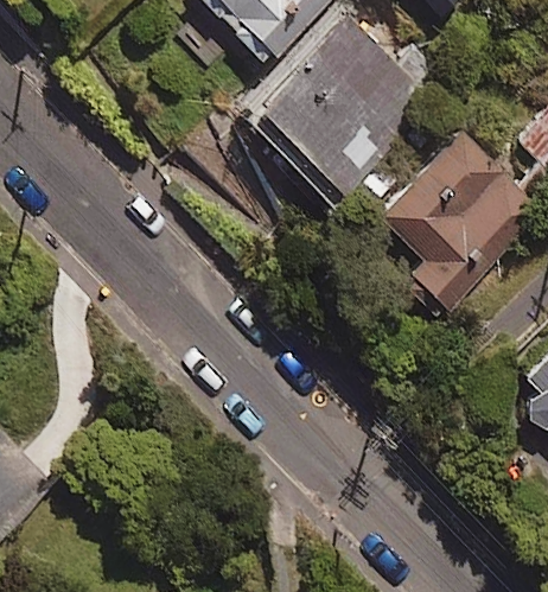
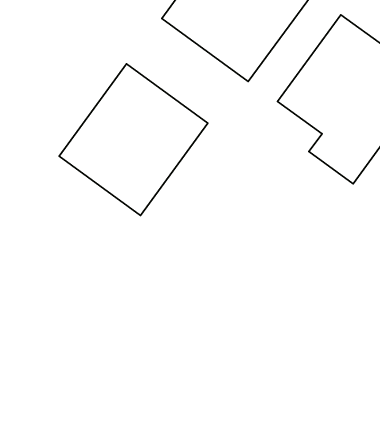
building: none -> [59,64,208,216]

